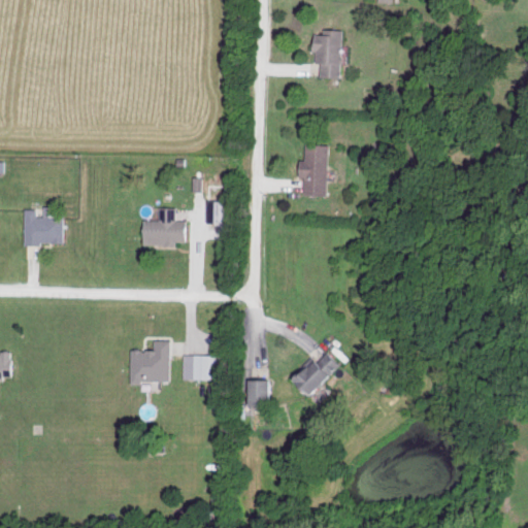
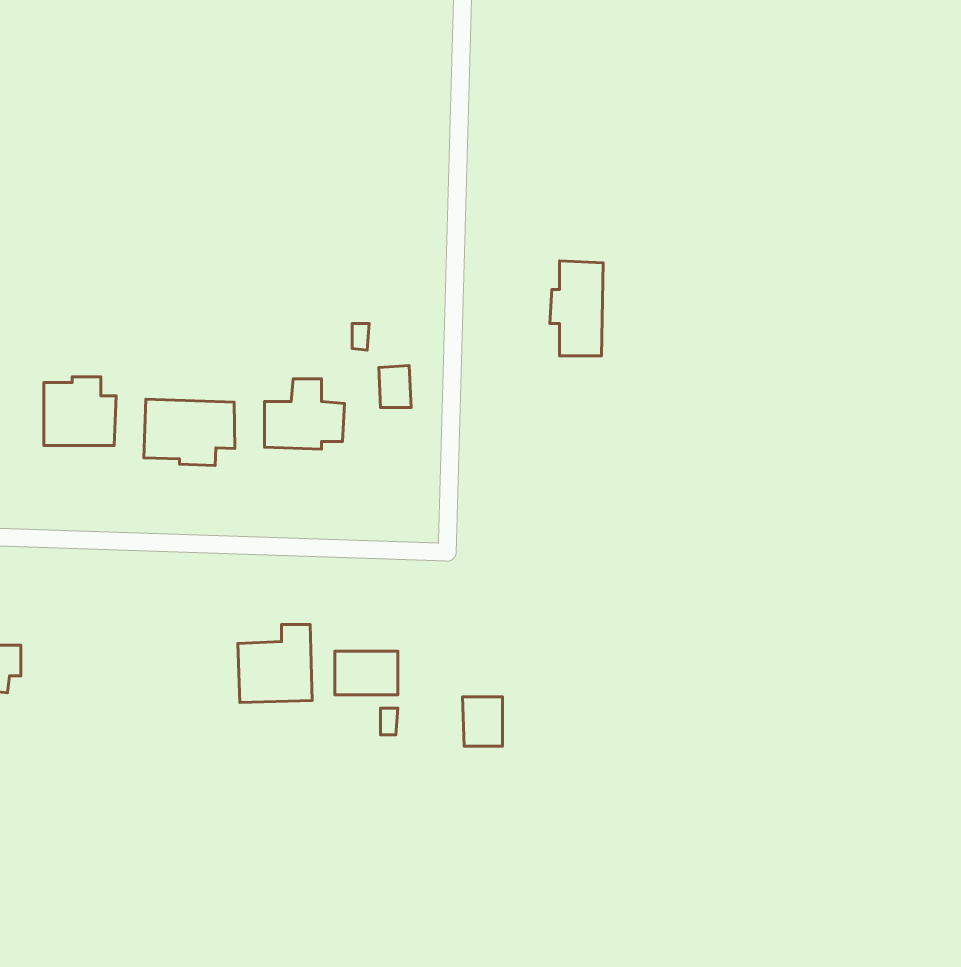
building: [312,30,341,78] -> none
building: none -> [144,399,235,465]
building: [289,352,341,399] -> none

